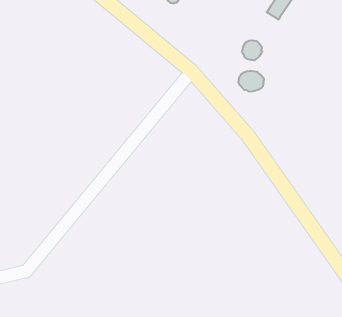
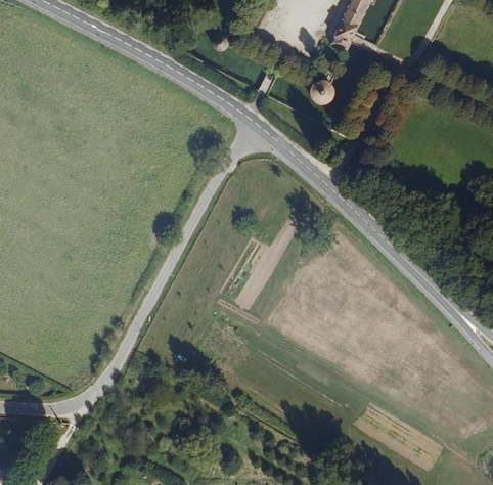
building: [238,71,264,92] -> none

